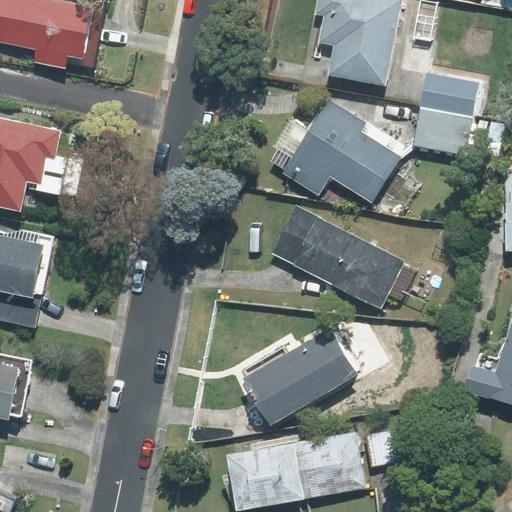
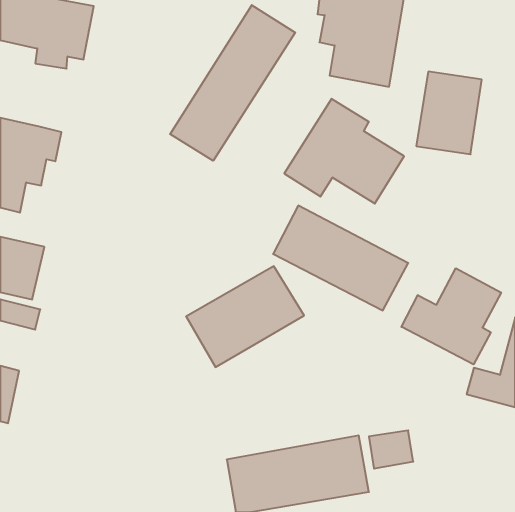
building: none -> [170,5,295,161]
building: none -> [401,268,501,364]
building: [241,326,358,426] -> [186,266,304,367]

